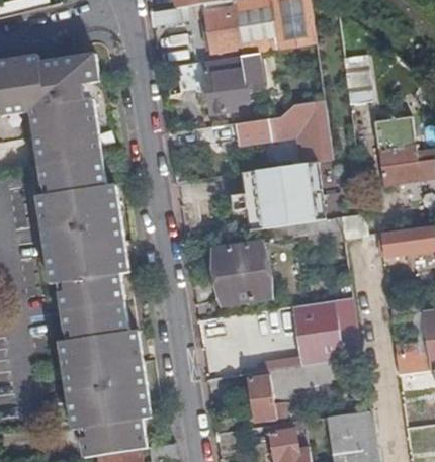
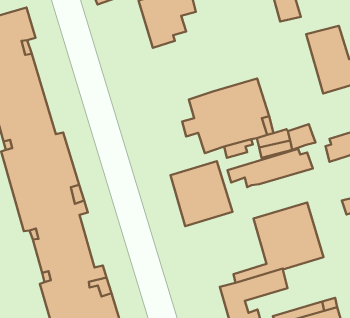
building: [237,99,334,163] -> none
building: none -> [227,149,313,187]

